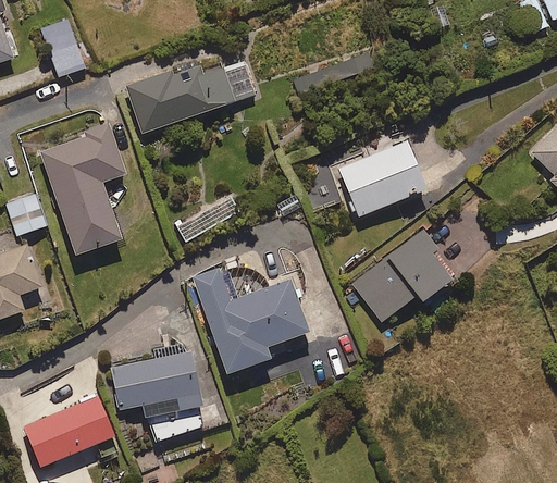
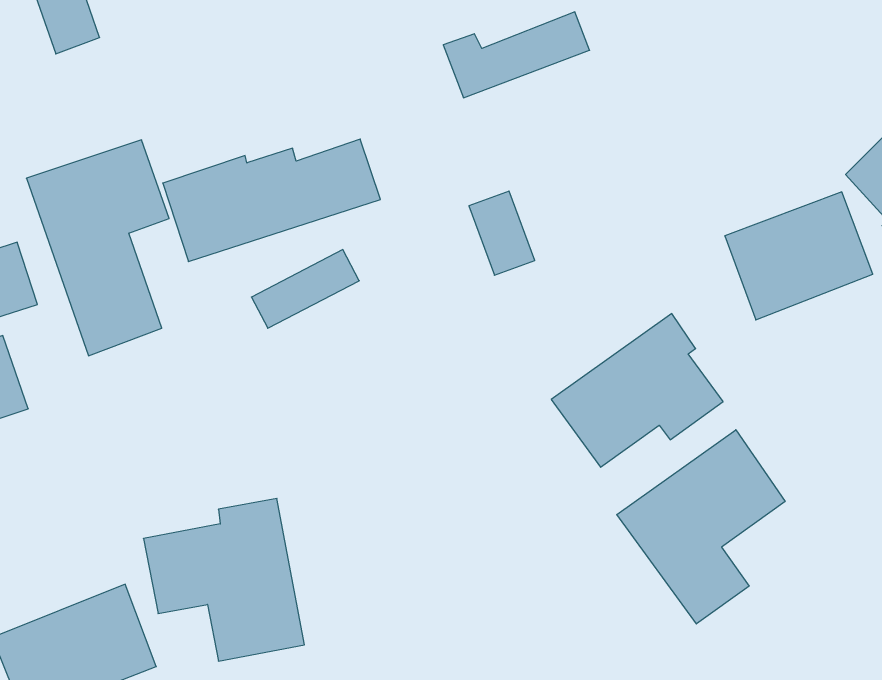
building: [126,60,256,133] -> [163,139,380,262]
building: [338,141,426,218] -> [725,192,873,320]
building: [193,263,311,375] -> none
building: none -> [617,430,785,624]

